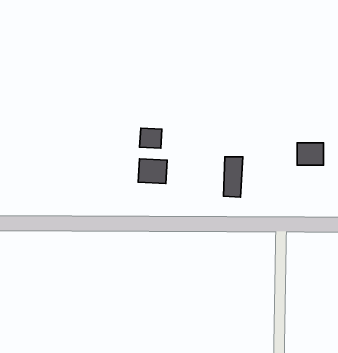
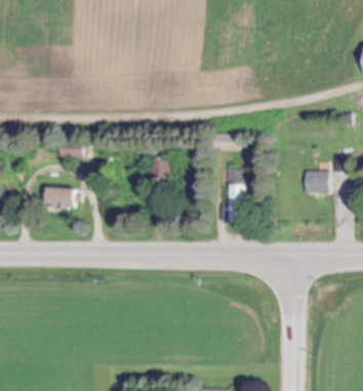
building: [138,159,167,183] -> none
building: none -> [45,187,77,206]

